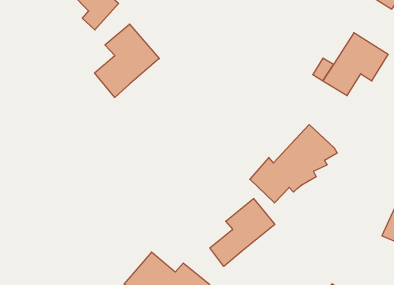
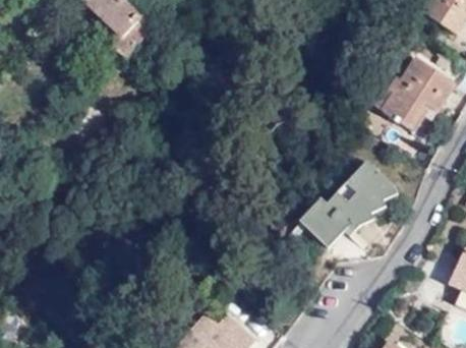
building: [95,24,159,97] -> none
building: [210,199,275,266] -> none

